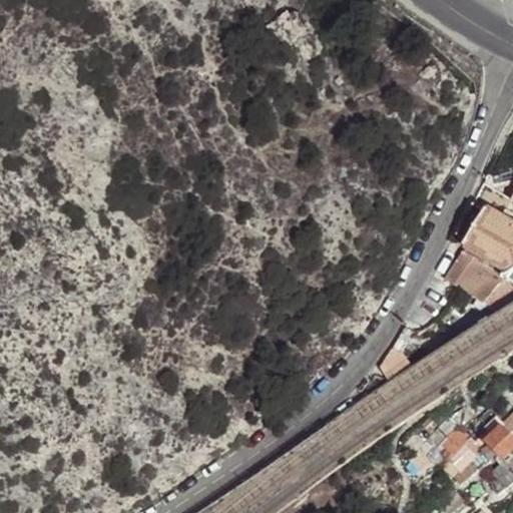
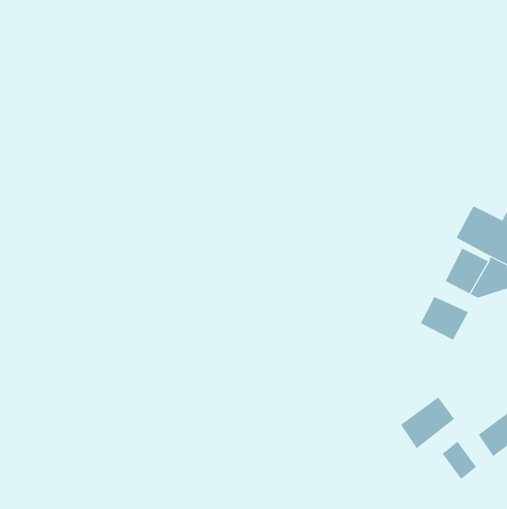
building: none -> [420,296,469,341]
building: none -> [400,397,455,449]

